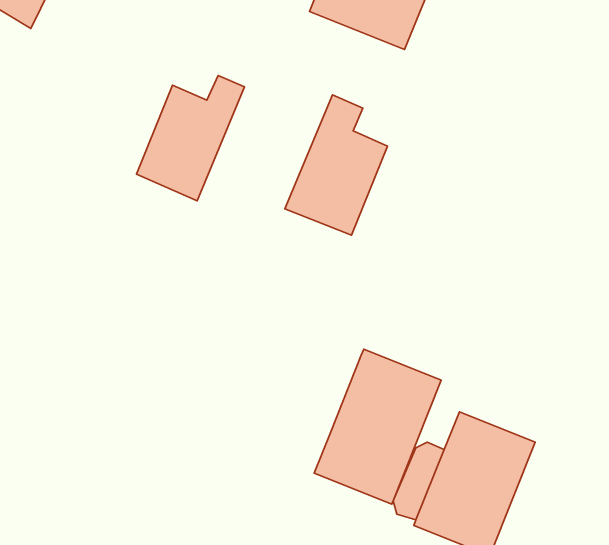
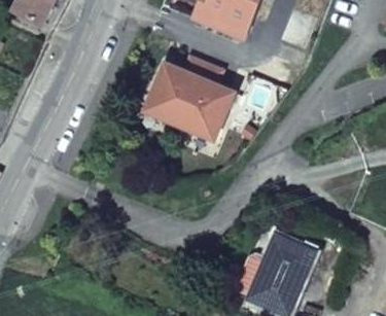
building: [137,76,245,201] -> [145,57,204,125]
building: [314,349,441,504] -> none

